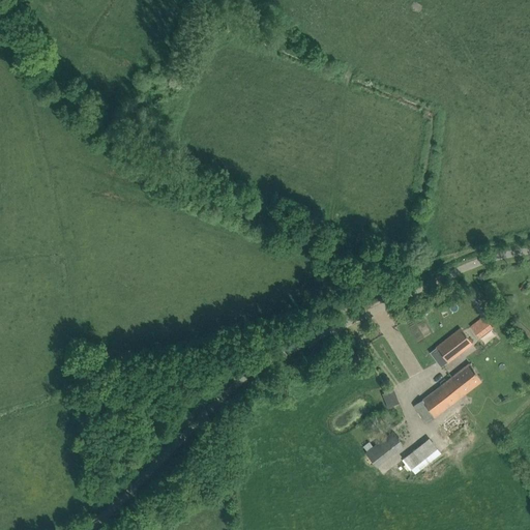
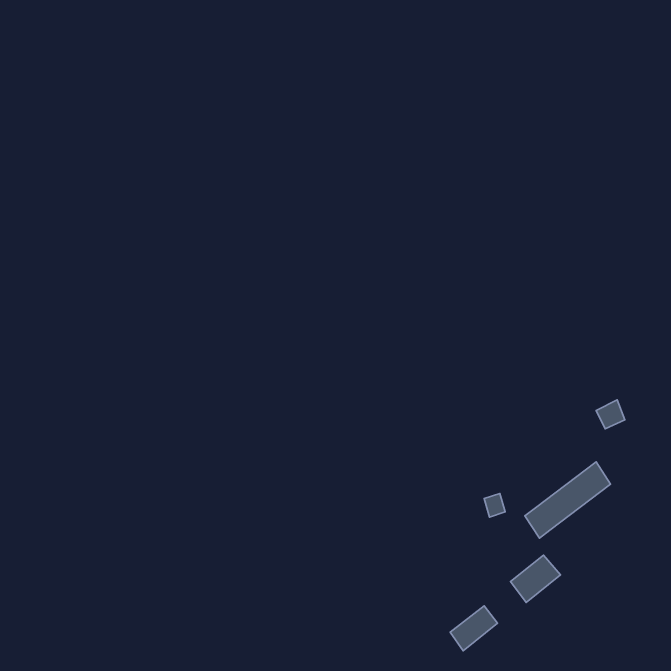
building: [435,329,471,363] -> none
building: [365,433,403,468] -> [450,606,497,651]

